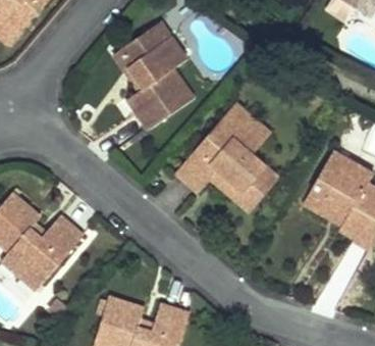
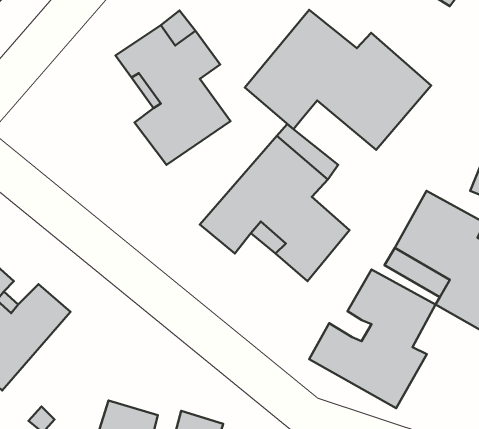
building: none -> [245,10,431,150]
building: none -> [309,269,435,408]

